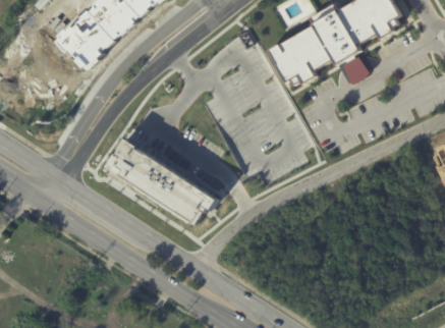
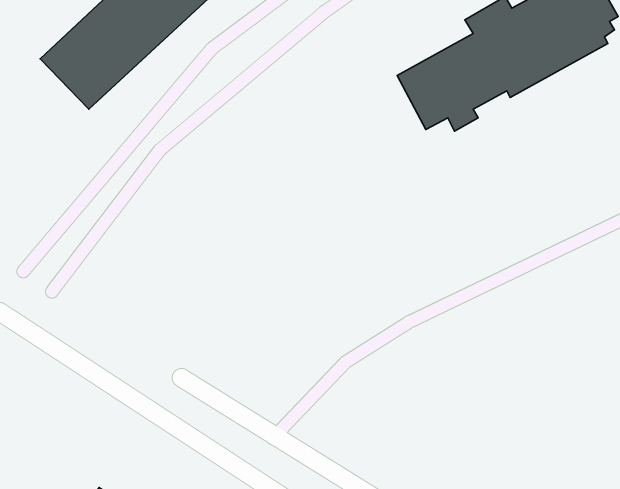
building: [344,57,371,84] -> none
building: [108,136,219,225] -> none

